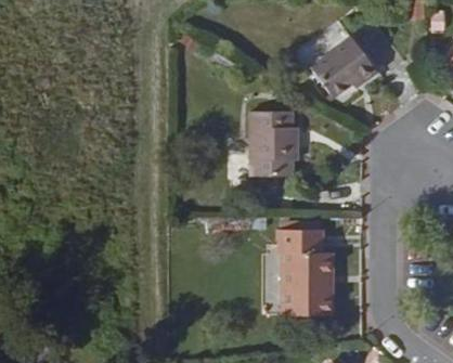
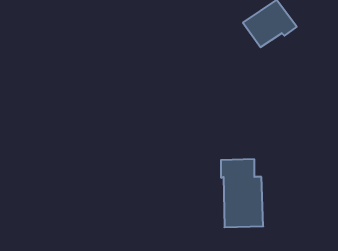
building: [250,113,298,177] -> none

